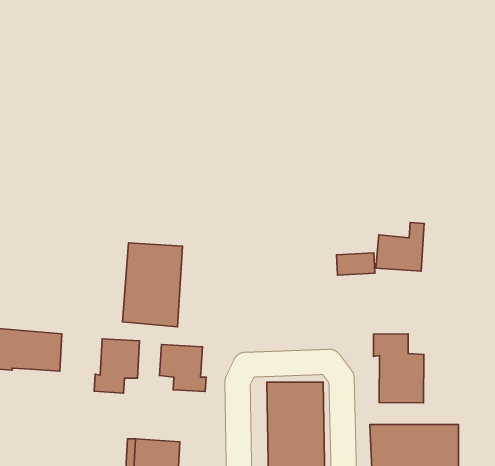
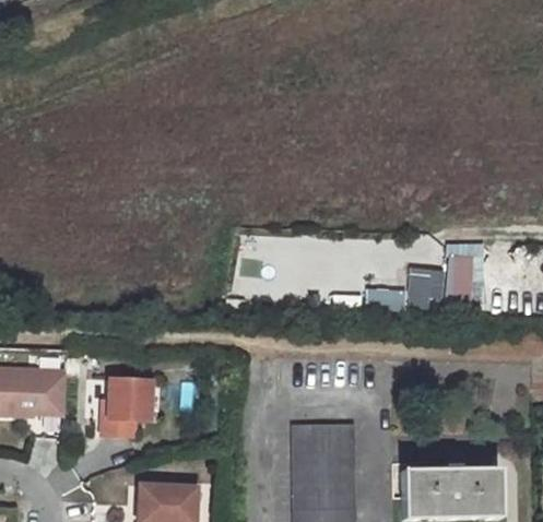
building: [123,243,182,327] -> none
building: [373,334,424,403] -> none
building: [160,344,206,391] -> none

